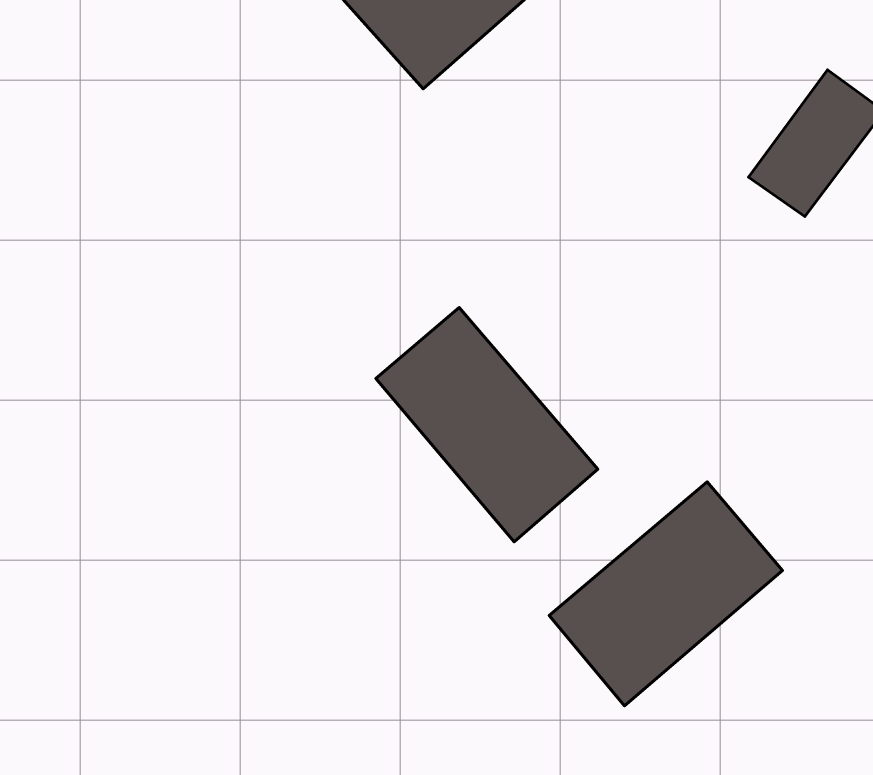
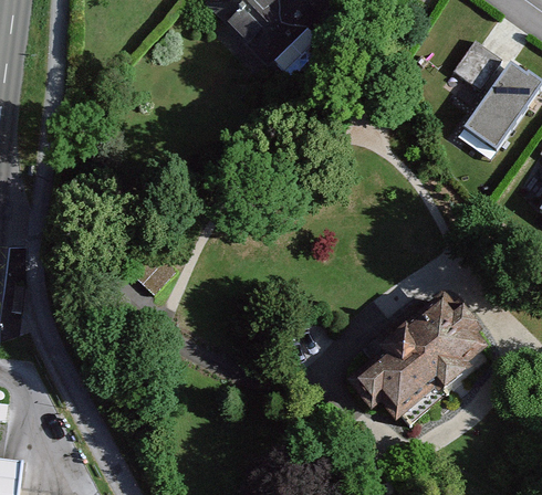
building: none -> [457,35,507,85]
building: [376,308,598,542] -> none

